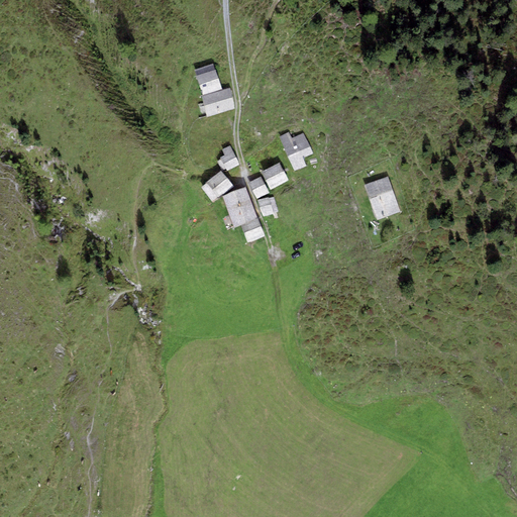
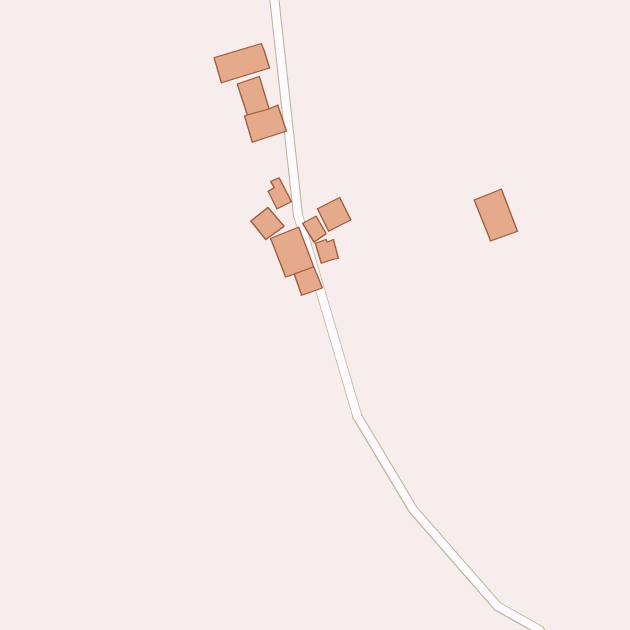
building: none -> [214,44,269,83]
building: [279,132,312,171] -> none
building: [364,176,399,218] -> [474,189,518,241]

